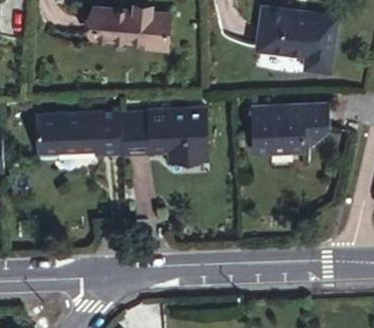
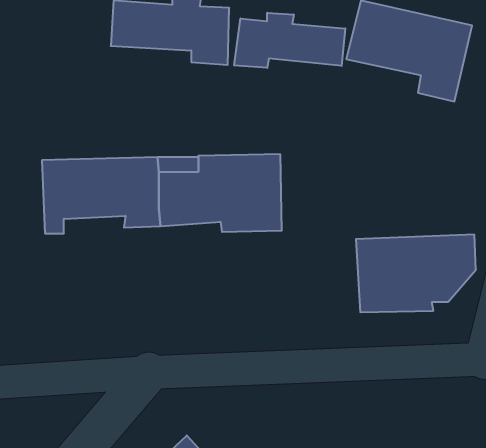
building: none -> [234,13,345,68]
building: [252,111,334,165] -> [356,235,476,312]

